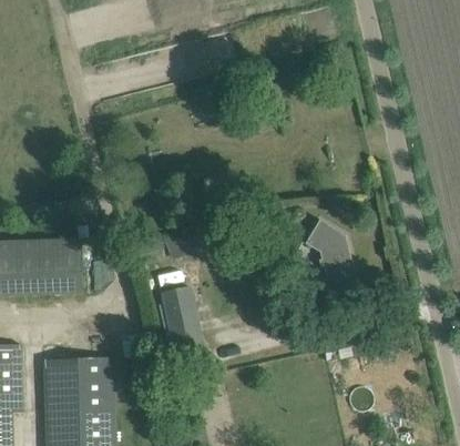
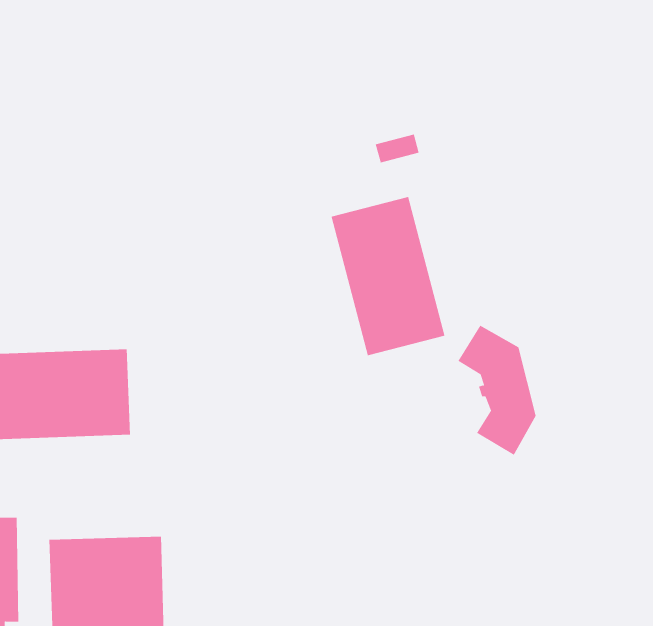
building: none -> [331,196,445,356]
building: [162,287,202,356] -> none

